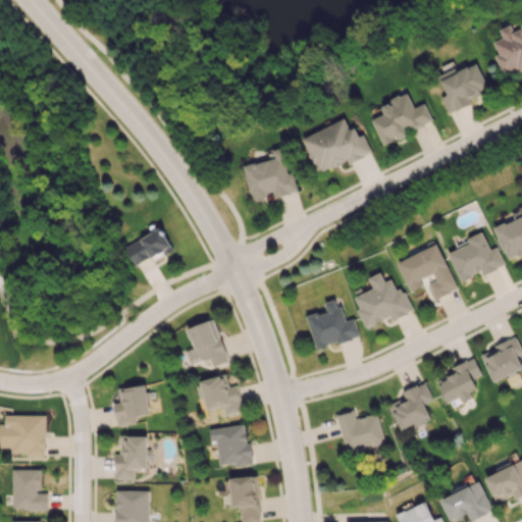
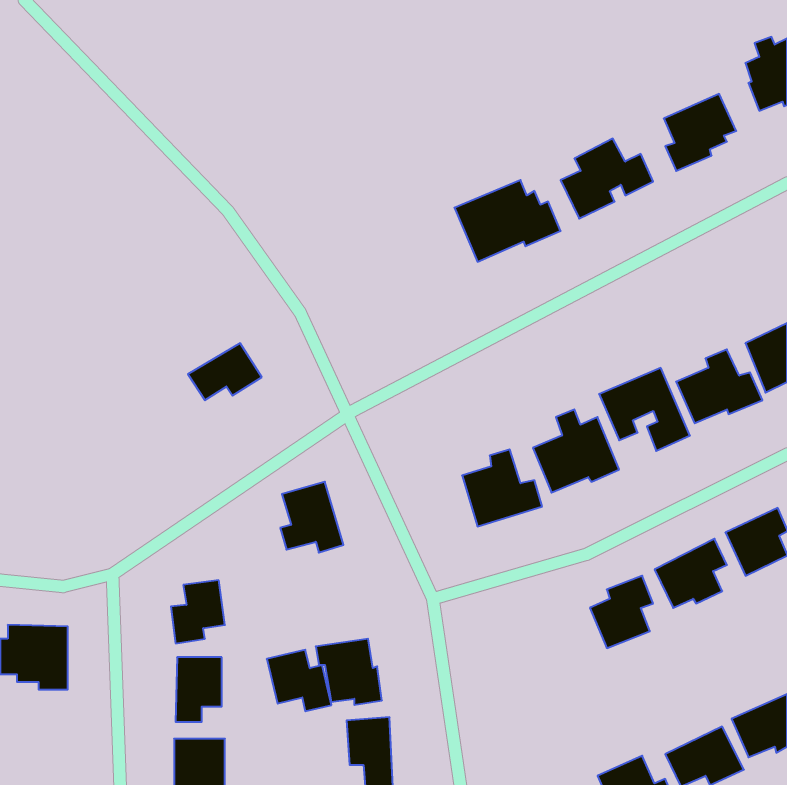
building: [244,147,294,203] -> none
building: [200,375,243,416] -> [267,650,331,711]
building: [335,411,384,455] -> none
building: [12,469,48,510] -> none

